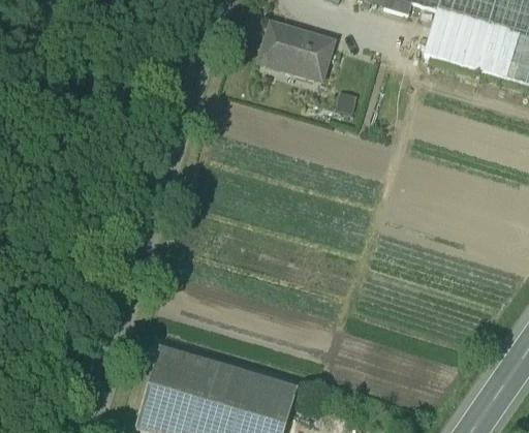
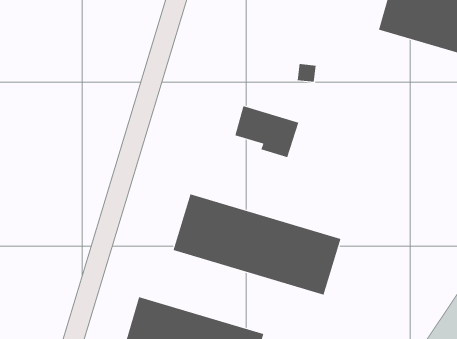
building: [260,24,332,82] -> [234,106,299,158]
building: none -> [173,194,341,295]

